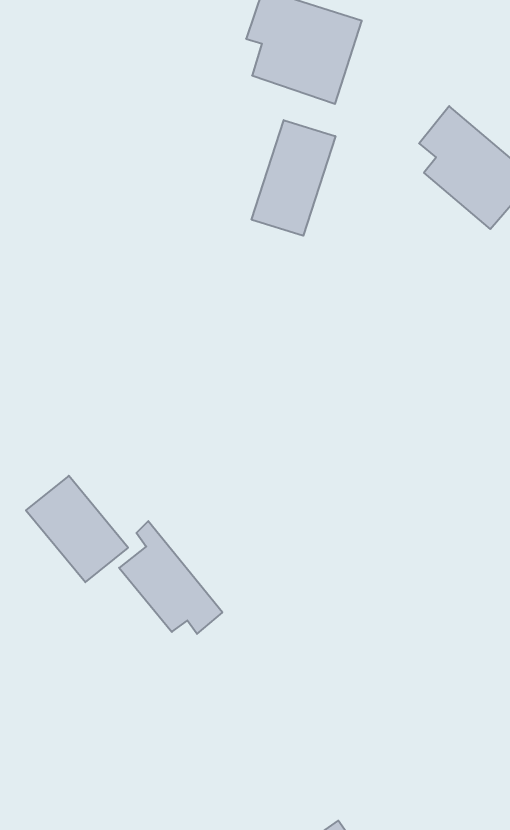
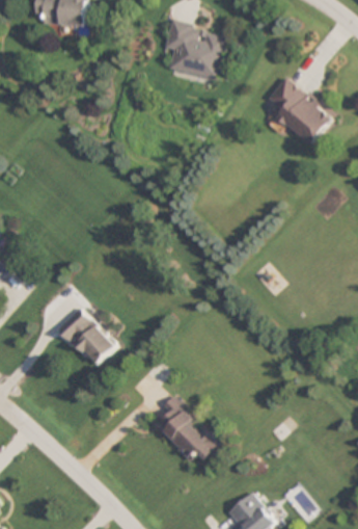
building: [252,120,335,236] -> none
building: [119,521,222,634] -> [156,398,217,460]

